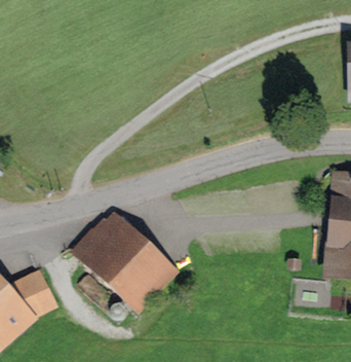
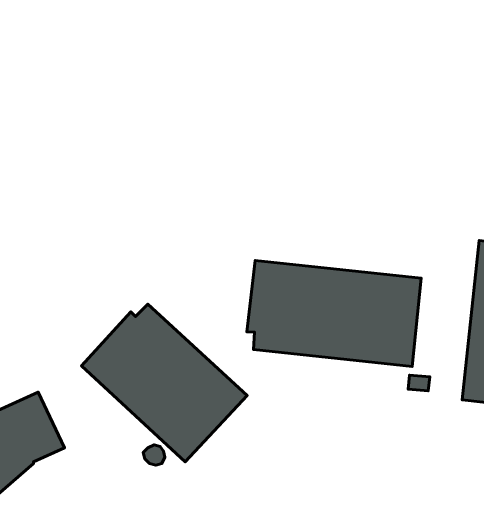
building: none -> [247,260,421,367]

